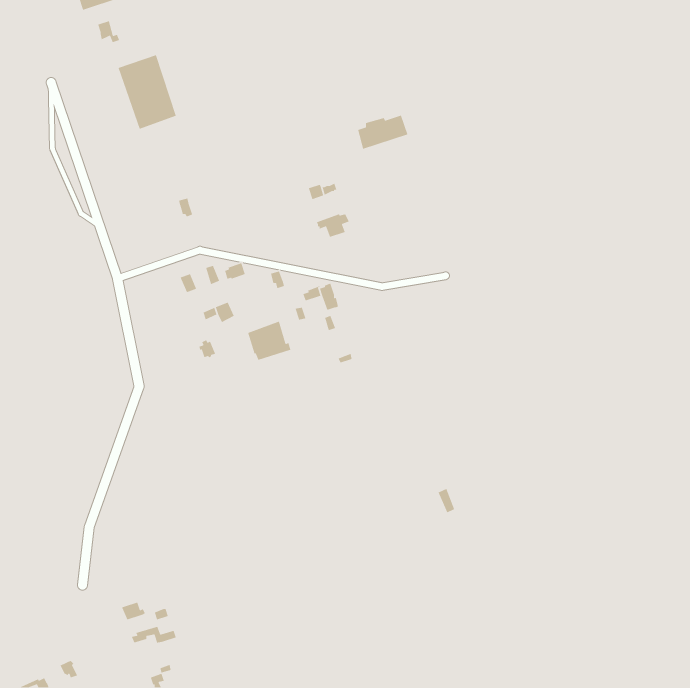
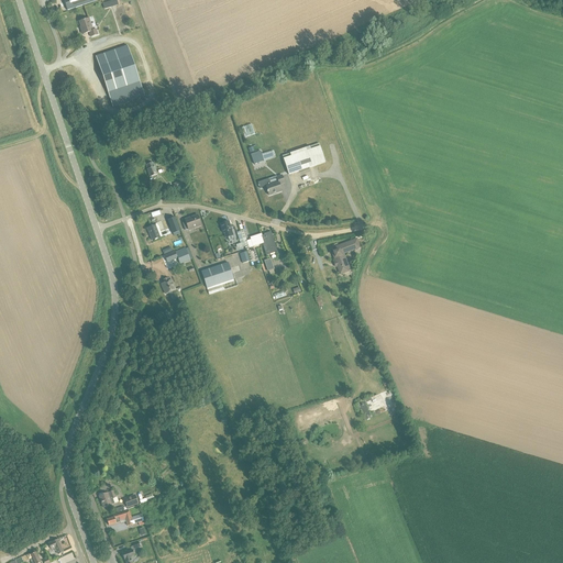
building: [357,115,408,150] -> [284,144,325,173]
building: none -> [332,236,361,273]

